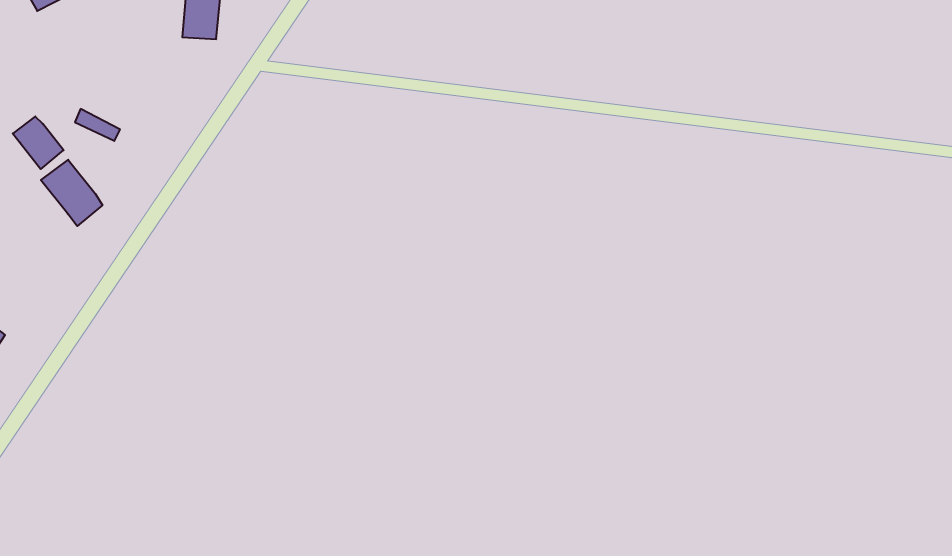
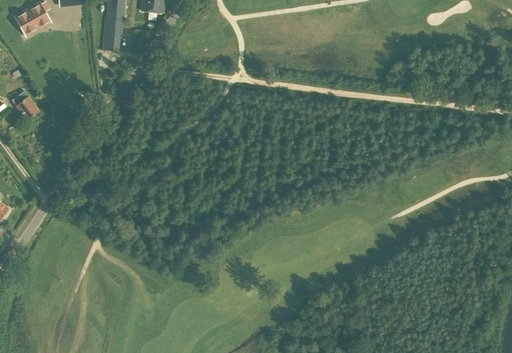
building: [41,160,102,226] -> none

